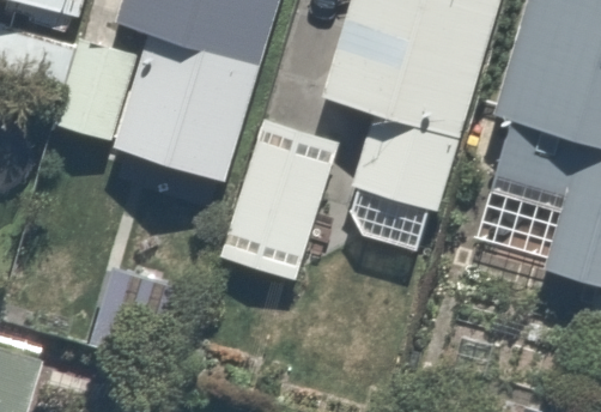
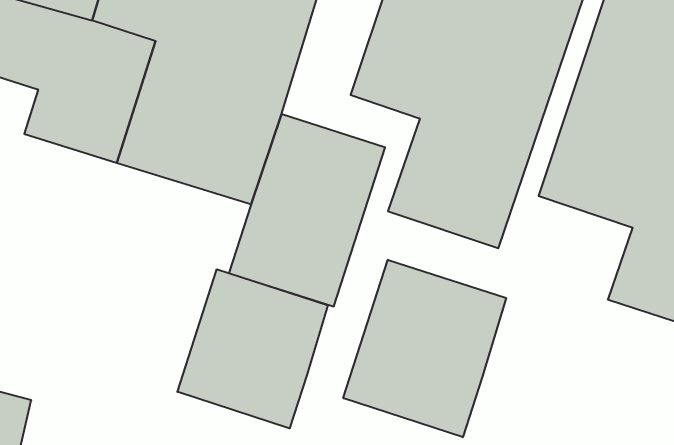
building: none -> [343,260,506,437]
building: none -> [177,269,328,428]

